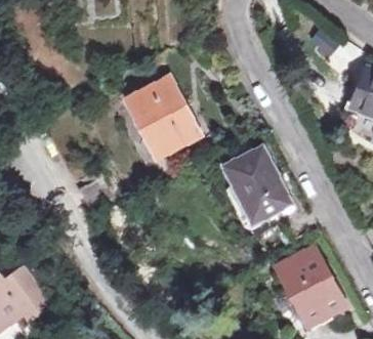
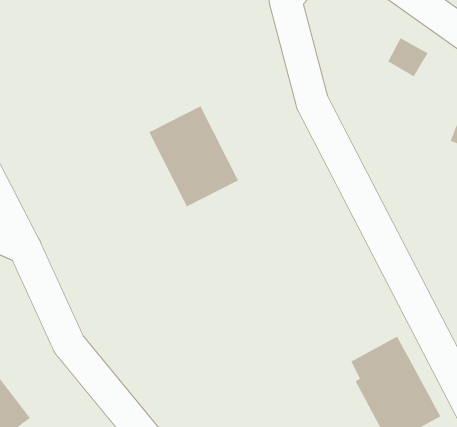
building: [229,149,292,239] -> none

